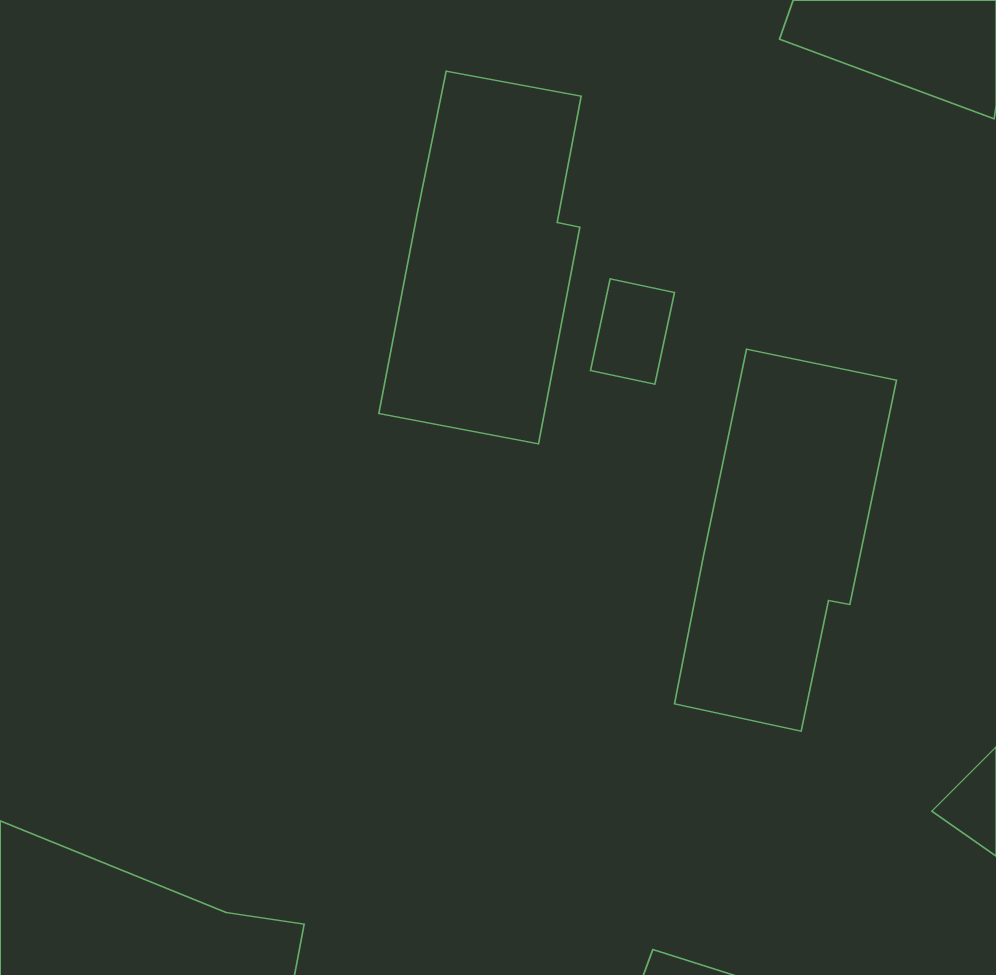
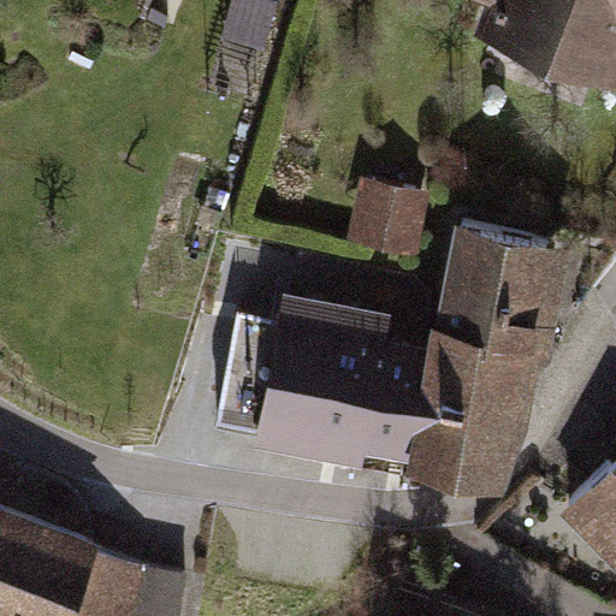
building: [379,71,581,444] -> none
building: none -> [219,304,434,456]

